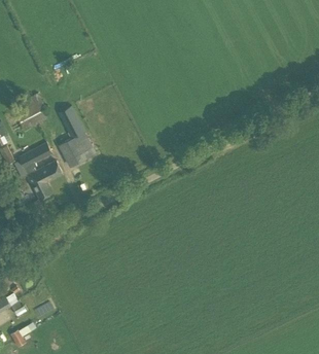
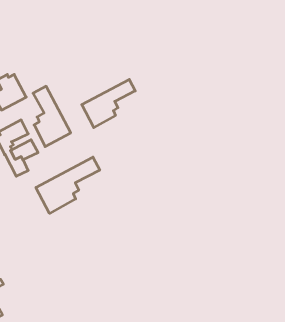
building: none -> [82,79,135,128]
building: none -> [36,157,100,213]

